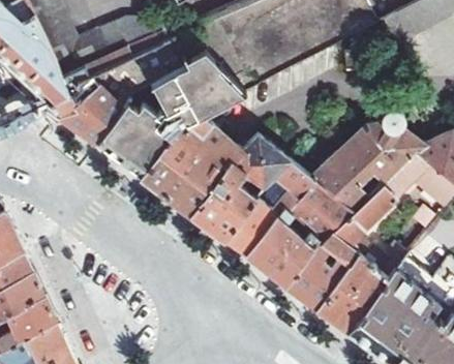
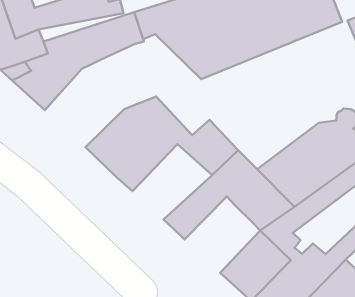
building: [98,59,248,177] -> none
building: [192,164,269,240] -> none
building: [248,211,322,286] -> none

